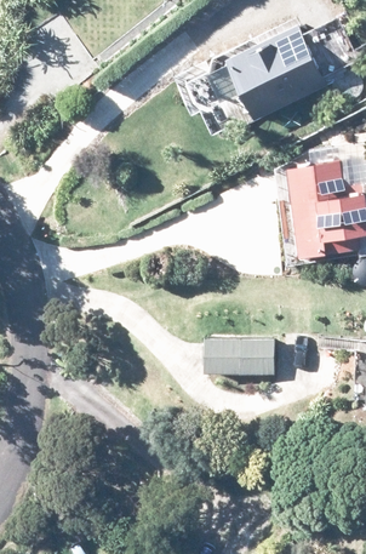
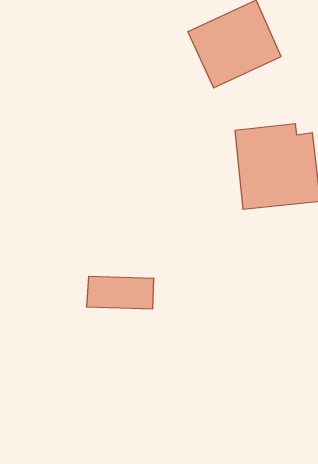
building: [199,341,271,376] -> [86,276,154,309]

